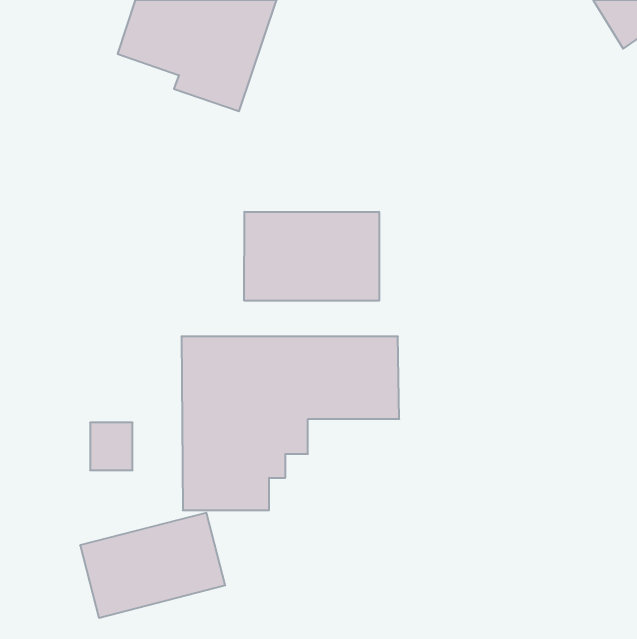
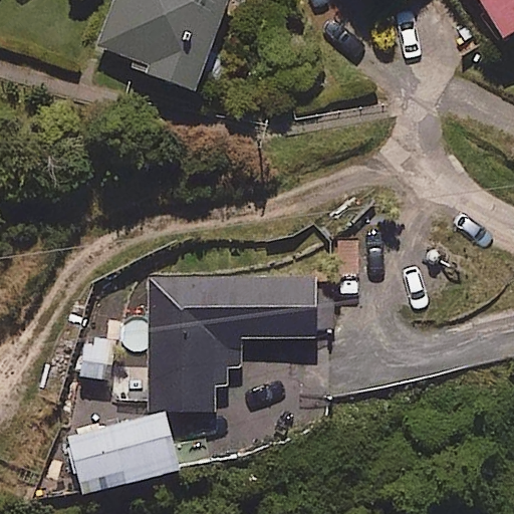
building: [244,212,379,301] -> none

